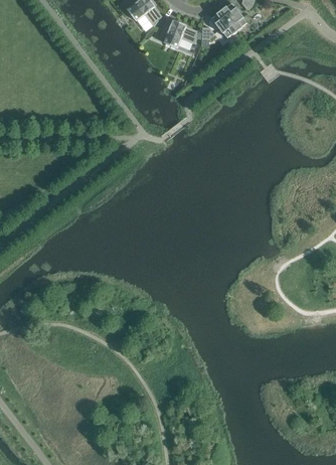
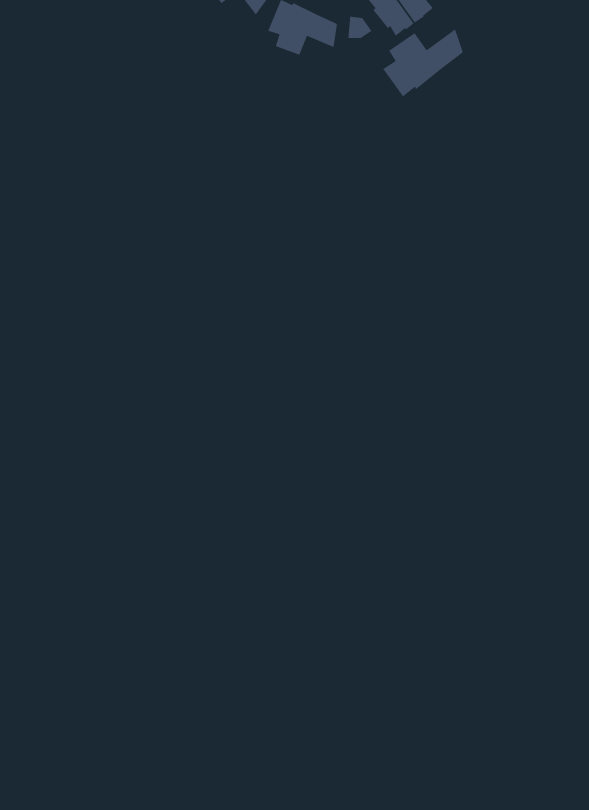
building: none -> [382,28,464,98]

